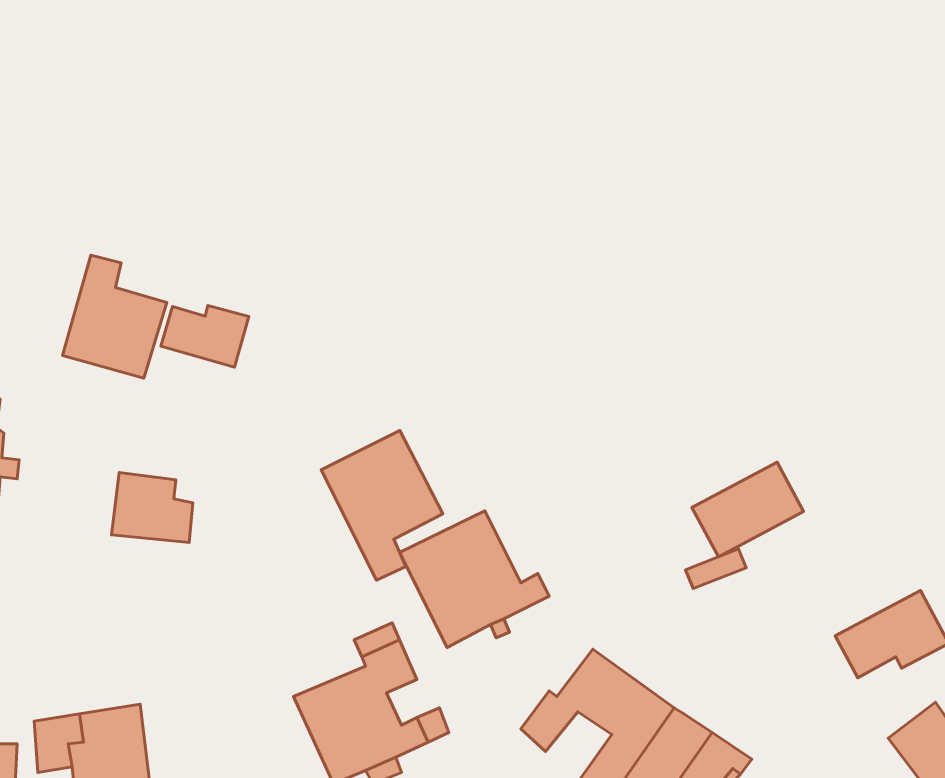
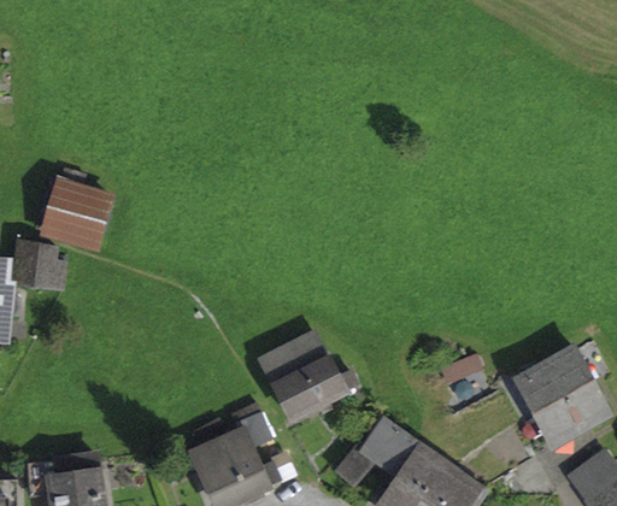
building: [161,305,249,367] -> none
building: [321,431,443,580] -> none
building: [692,462,804,557] -> [521,351,592,411]
building: [111,472,193,542] -> [14,243,66,288]

